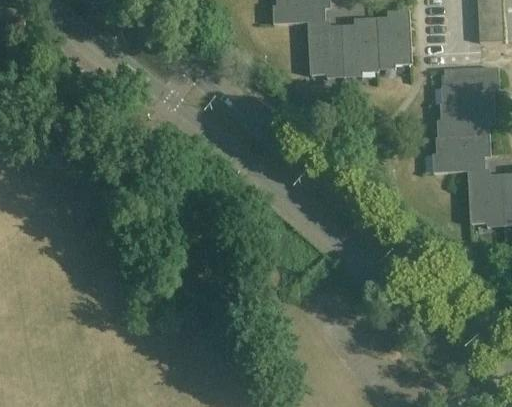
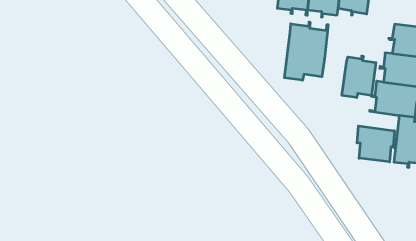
building: none -> [284,22,328,80]
building: none -> [342,56,376,98]
building: none -> [357,126,396,162]

